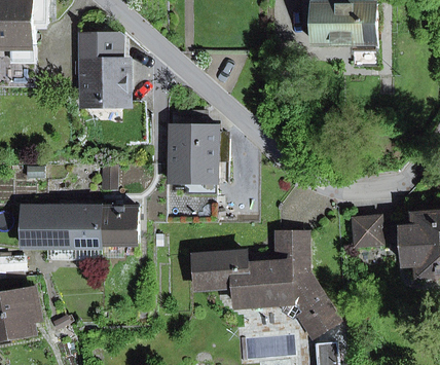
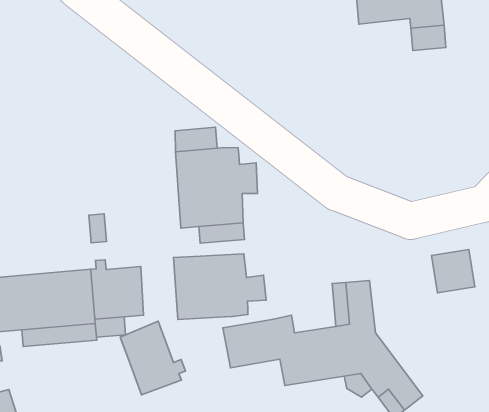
building: [81,34,126,109] -> none
building: none -> [174,254,266,319]
building: none -> [120,321,186,395]

